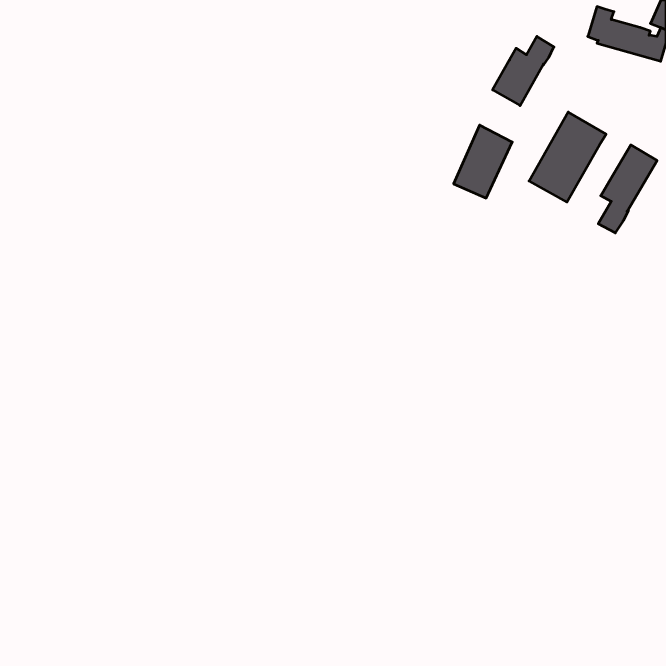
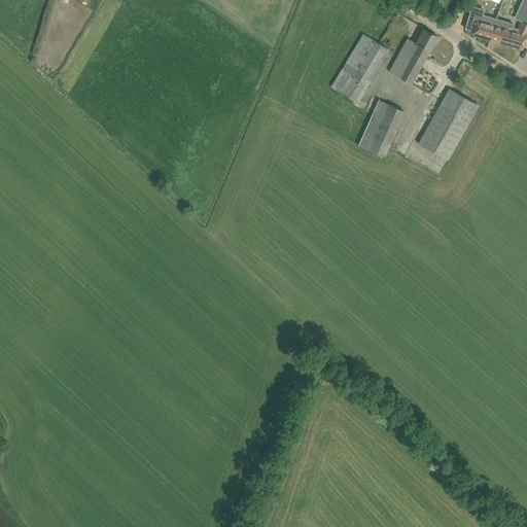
building: none -> [330,33,389,102]
building: [598,145,657,233] -> none

